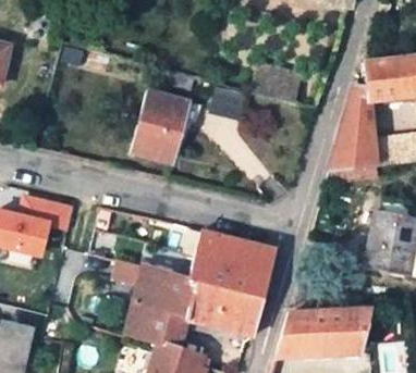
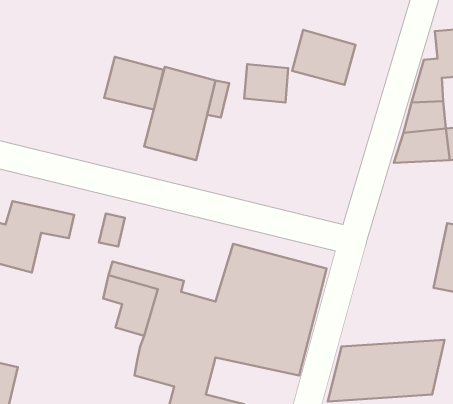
building: none -> [104,57,164,109]

